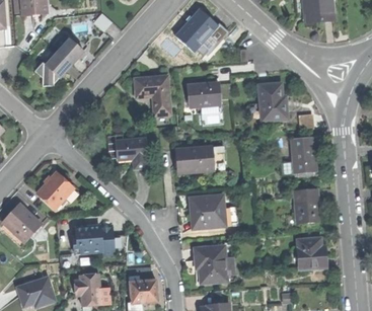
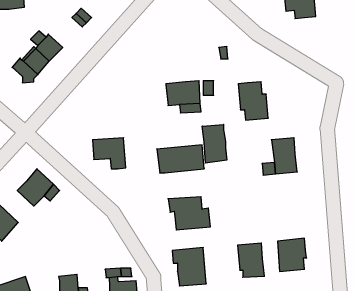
building: [173,9,223,53] -> none
building: [134,77,167,115] -> none
building: none -> [202,124,227,163]
building: [292,188,318,222] -> [238,243,264,277]
building: [73,223,127,251] -> none

